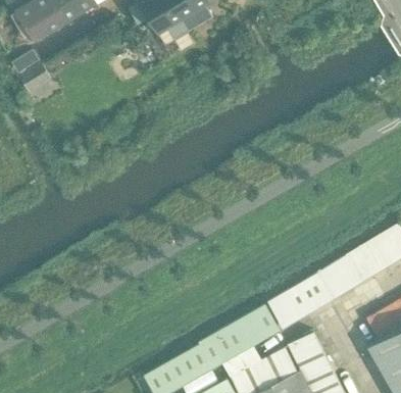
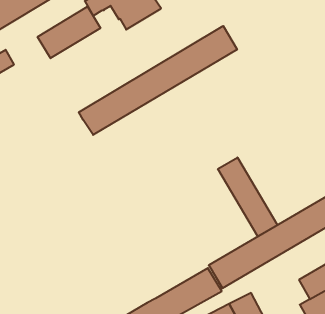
building: none -> [38,7,100,58]
building: none -> [79,26,237,135]
building: none -> [218,157,277,237]

